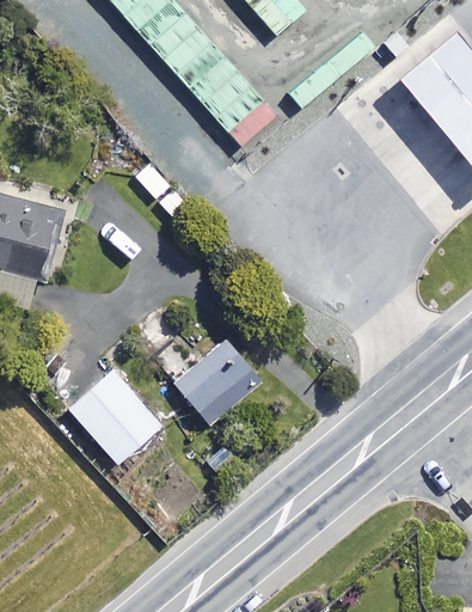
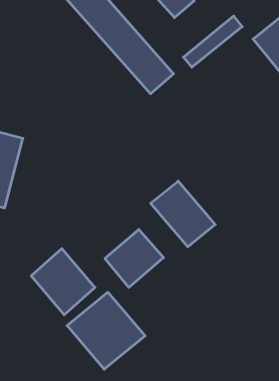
building: none -> [151,181,215,247]
building: none -> [67,292,145,369]

